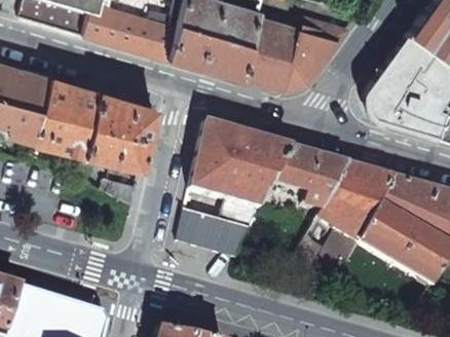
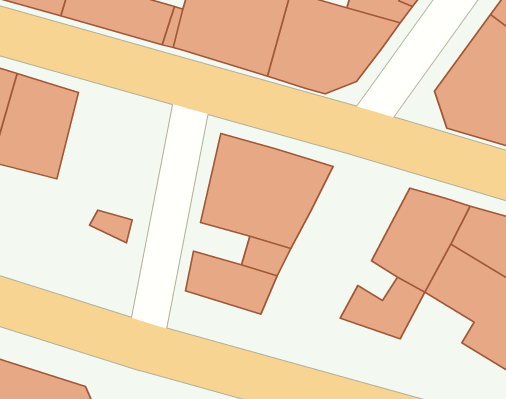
building: [82,92,156,171] -> none
building: [272,148,347,199] -> none

